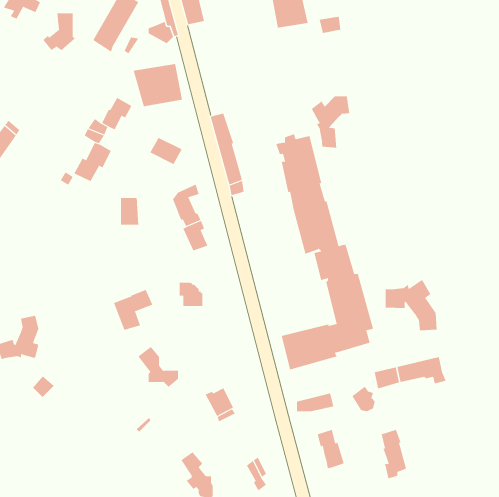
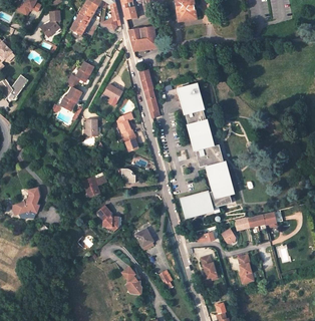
building: [133,64,183,107] -> [127,26,156,51]
building: [311,96,350,148] -> none
building: [385,279,437,331] -> none

